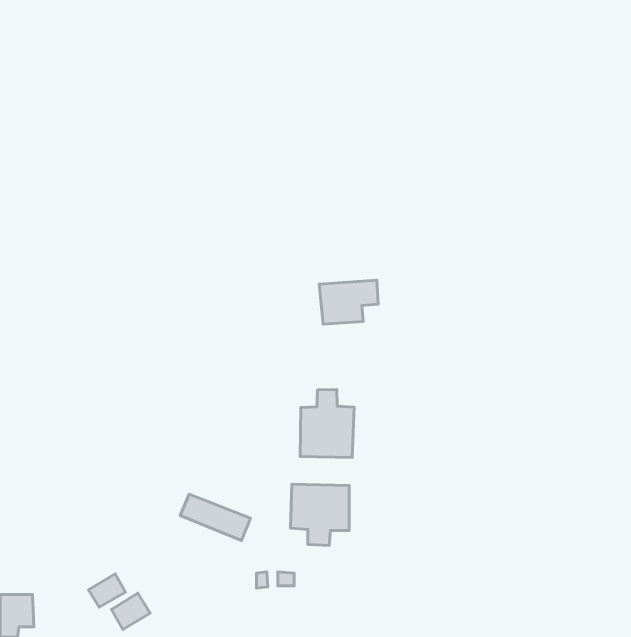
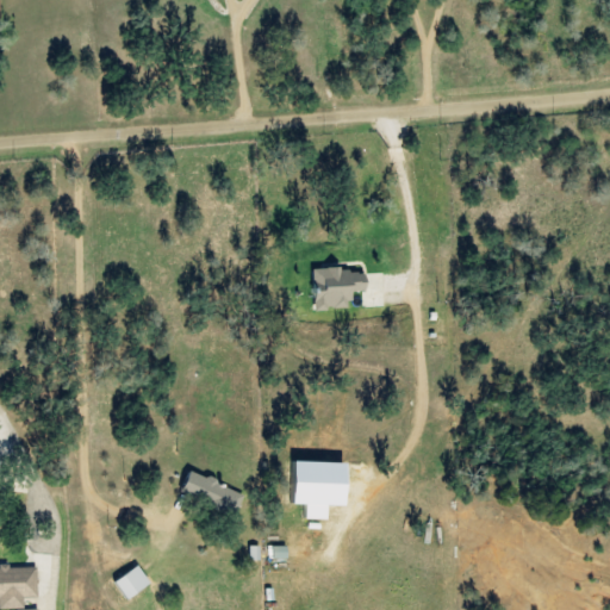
building: [300,389,354,458] -> none
building: [88,574,126,607] -> none

